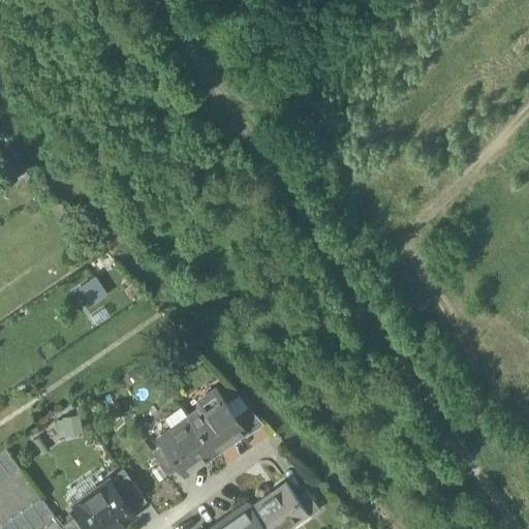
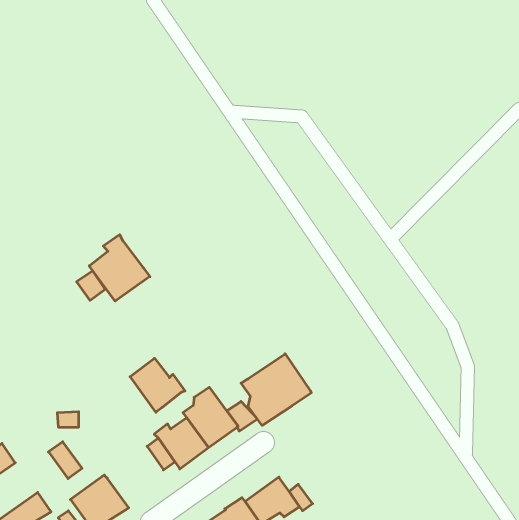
building: none -> [89,235,150,301]
building: none -> [241,354,311,425]
building: none -> [130,358,185,412]
building: [108,475,143,512] -> [48,442,82,479]

